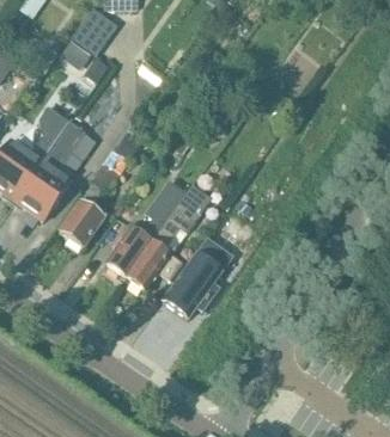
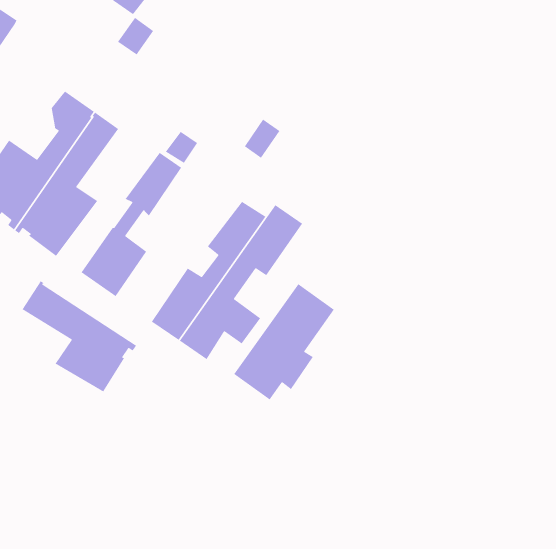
building: none -> [21,280,137,392]

